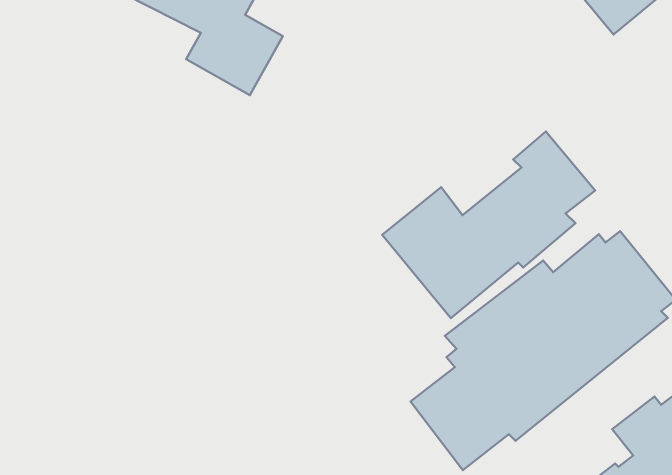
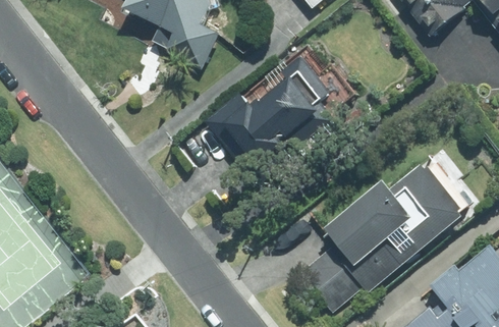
building: [382,132,595,318] -> [203,56,335,172]

